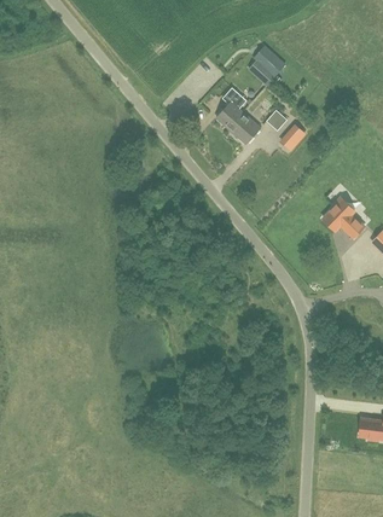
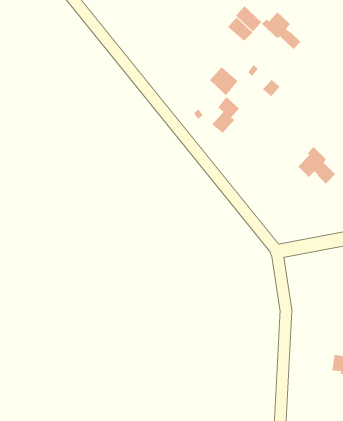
building: none -> [261,12,301,50]
building: [216,86,246,126] -> [211,96,240,133]

